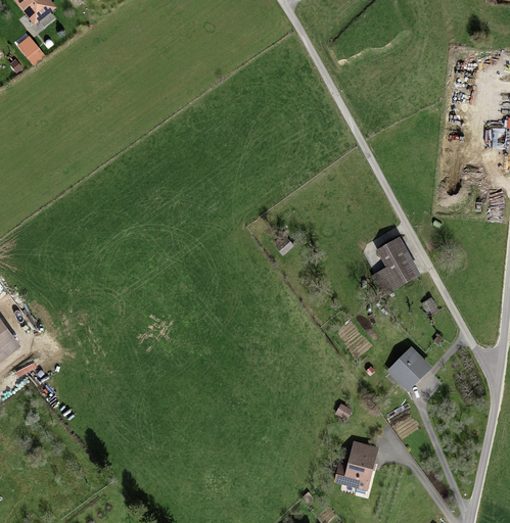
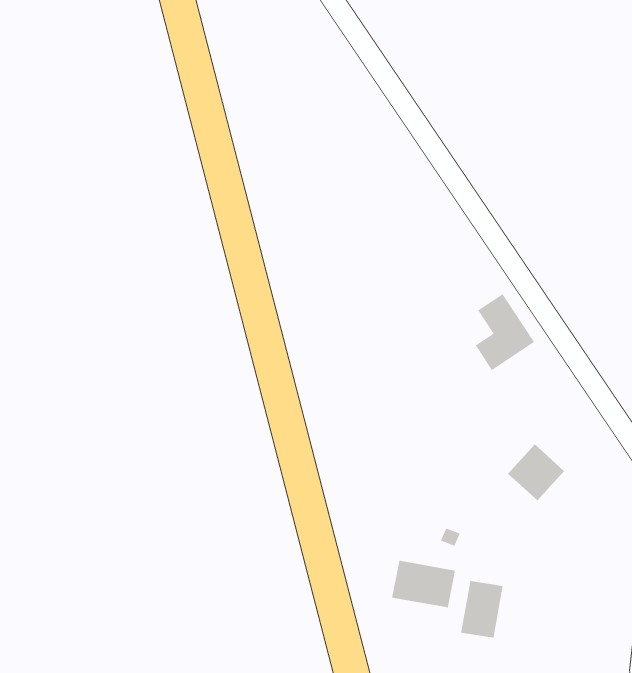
building: none -> [391,560,456,608]

